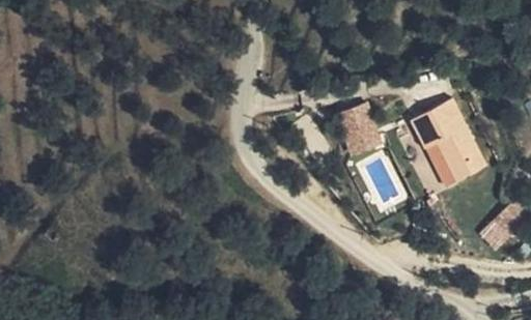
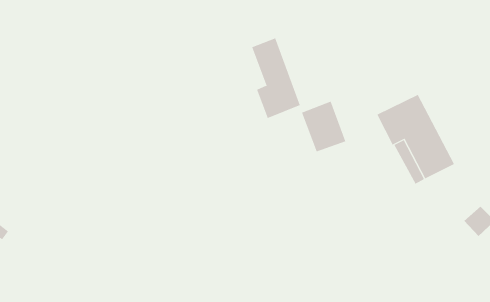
building: none -> [251,37,300,119]

